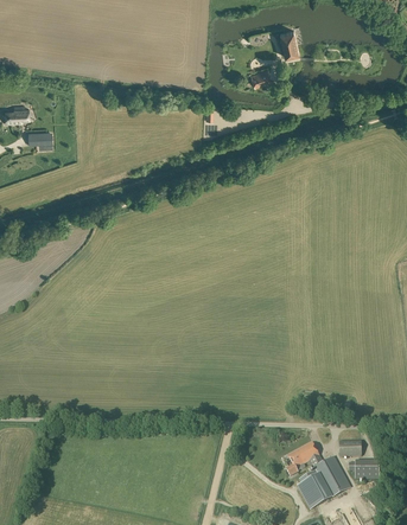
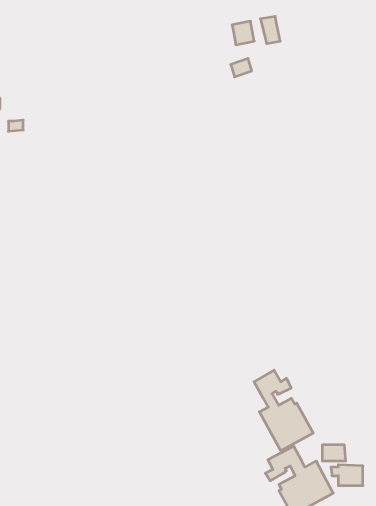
building: none -> [254,370,313,451]

